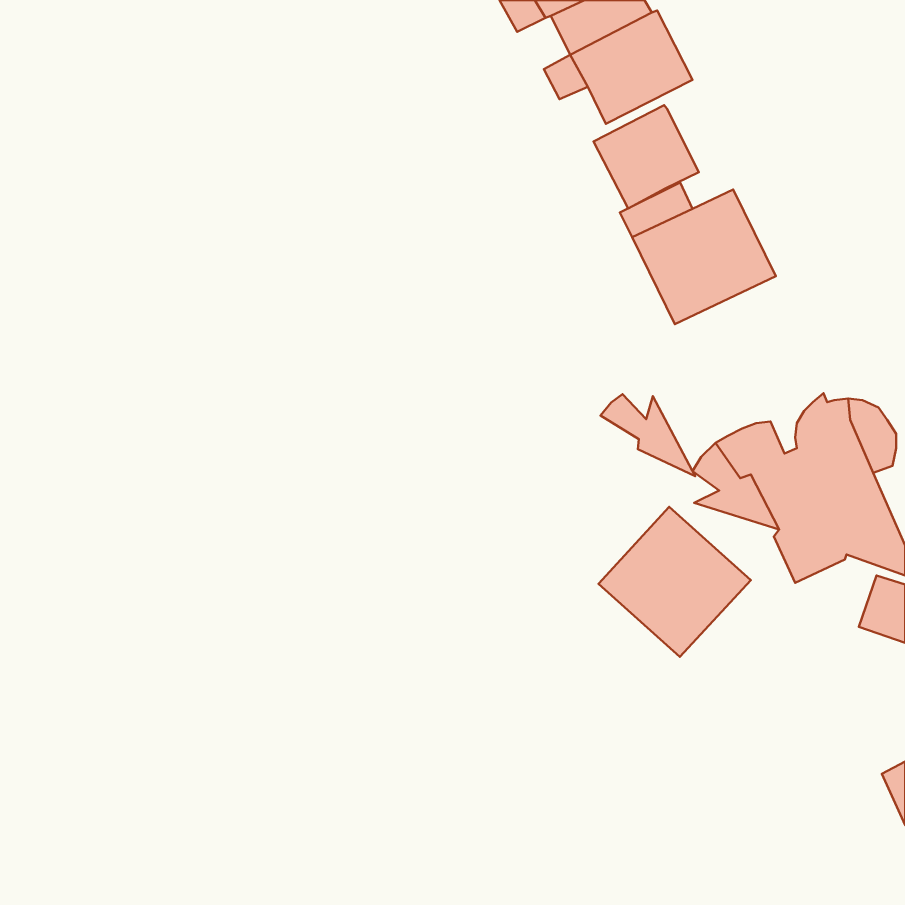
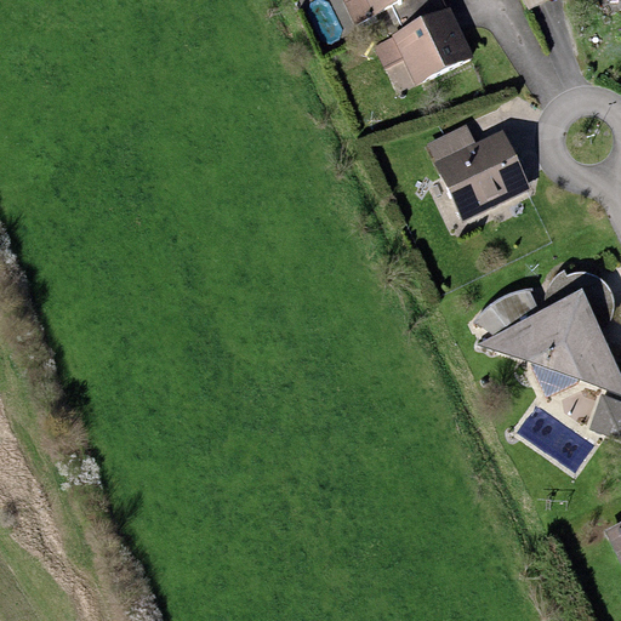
building: [593,105,699,208] -> none
building: [601,394,695,476] -> none
building: [598,507,751,657] -> none

